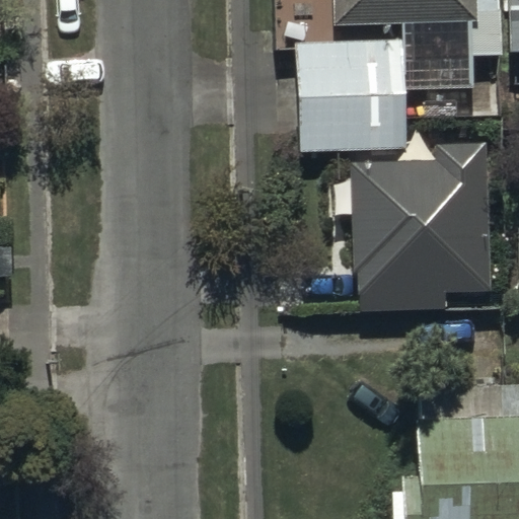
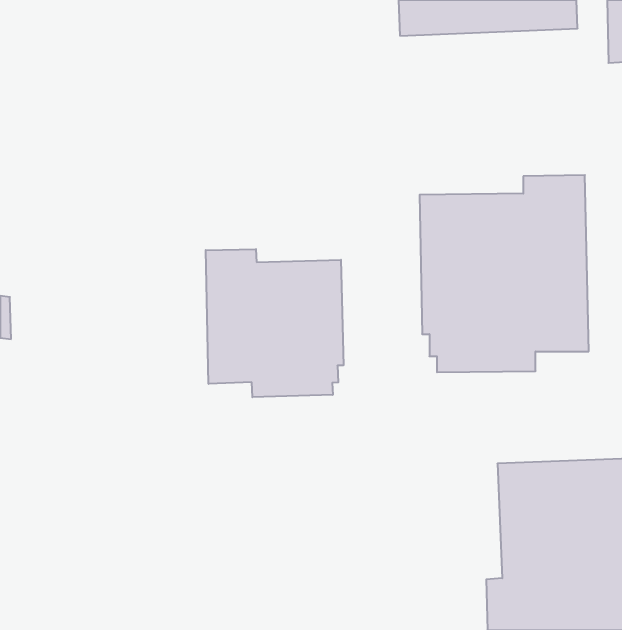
building: [298,39,410,152] -> none
building: none -> [206,249,343,397]

